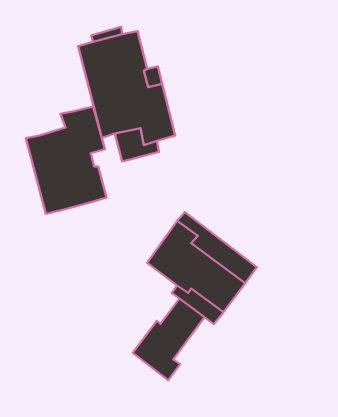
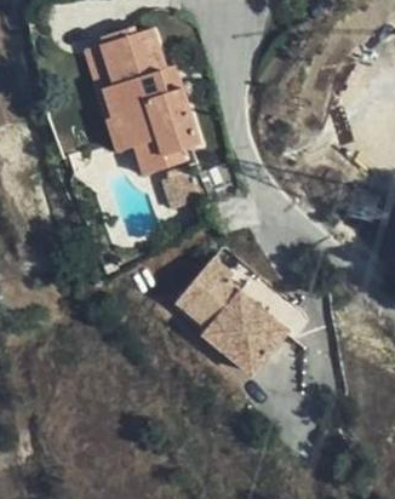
building: [26,107,106,214] -> none
building: [133,299,204,380] -> none

